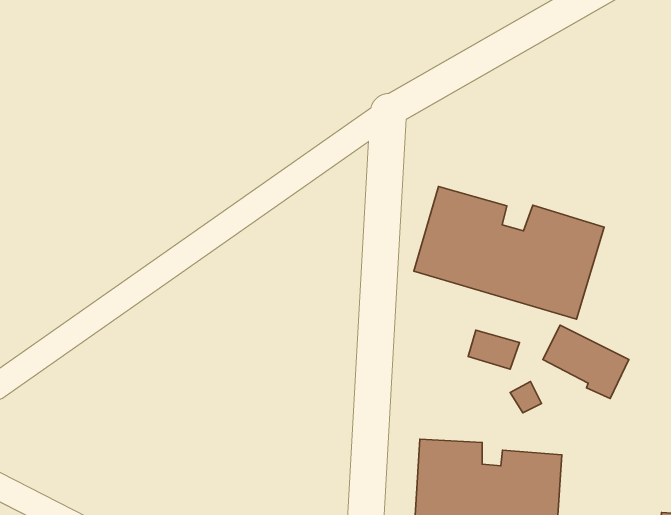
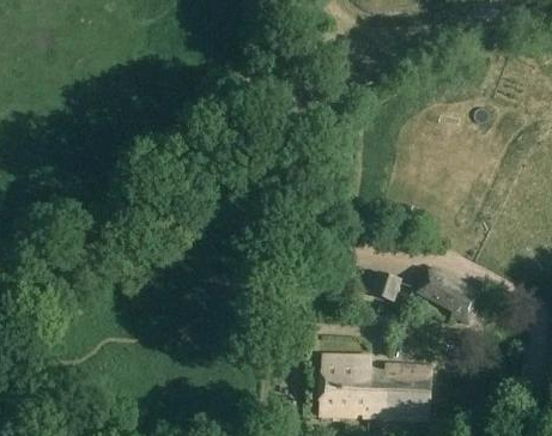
building: [414,187,604,319] -> none

